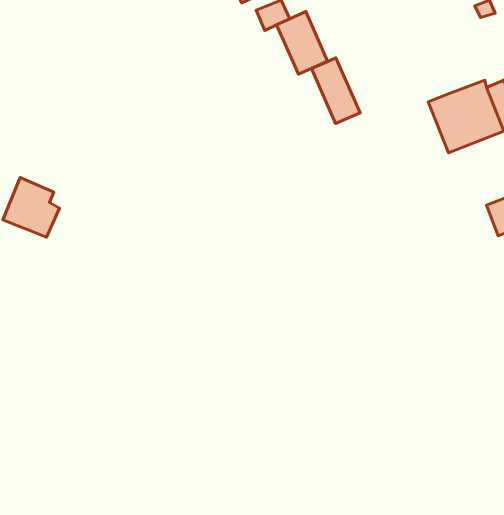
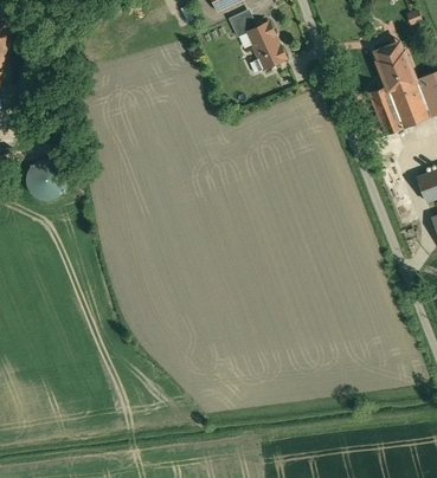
building: none -> [377,45,416,85]
building: [311,58,360,123] -> none

